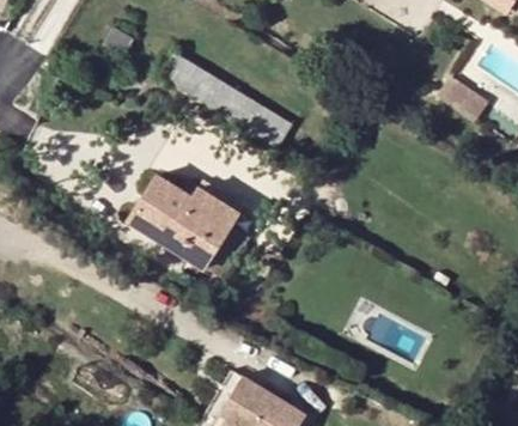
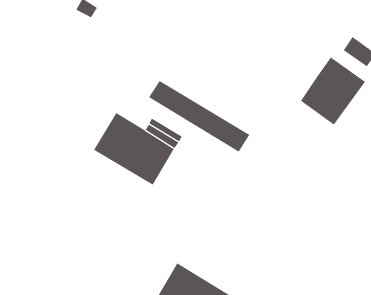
building: [162,59,292,151] -> [148,80,250,153]
building: none -> [300,56,366,126]

